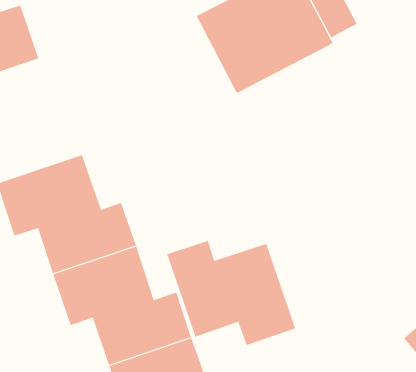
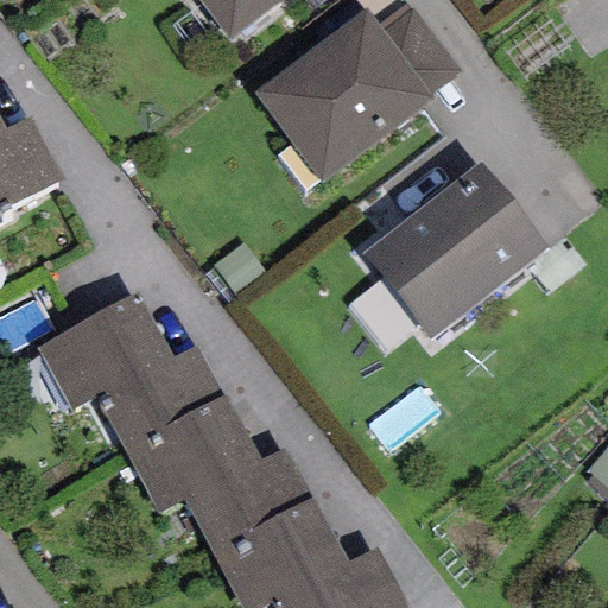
building: none -> [361,163,547,341]
building: [166,240,296,346] -> none

